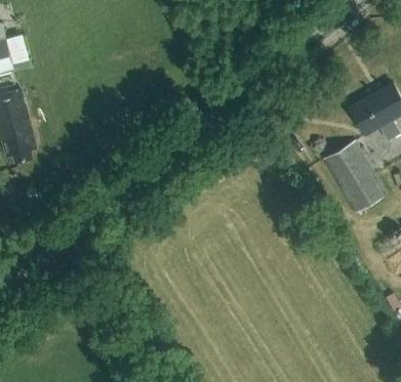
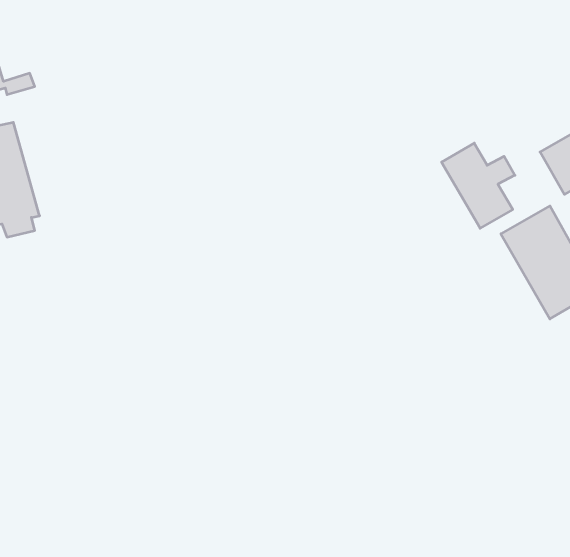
building: none -> [442,143,515,228]

